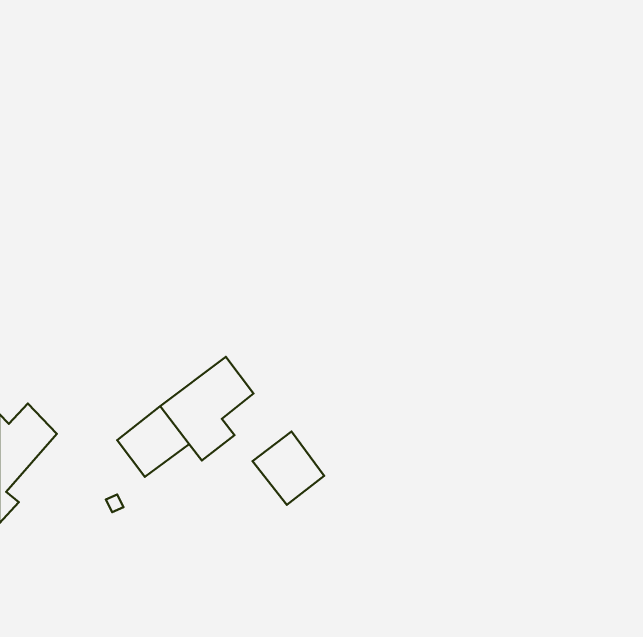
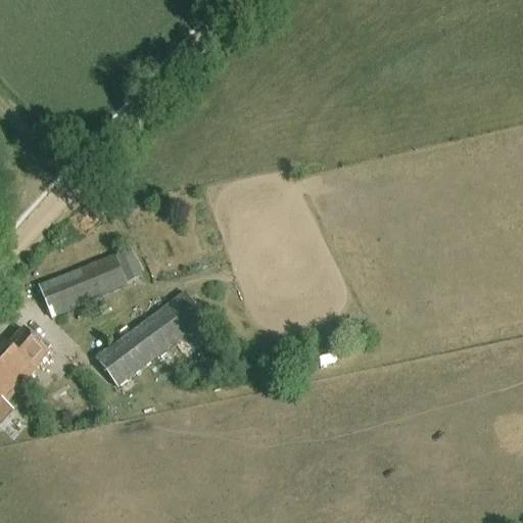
building: none -> [38,245,141,317]
building: [253,431,324,505] -> none

